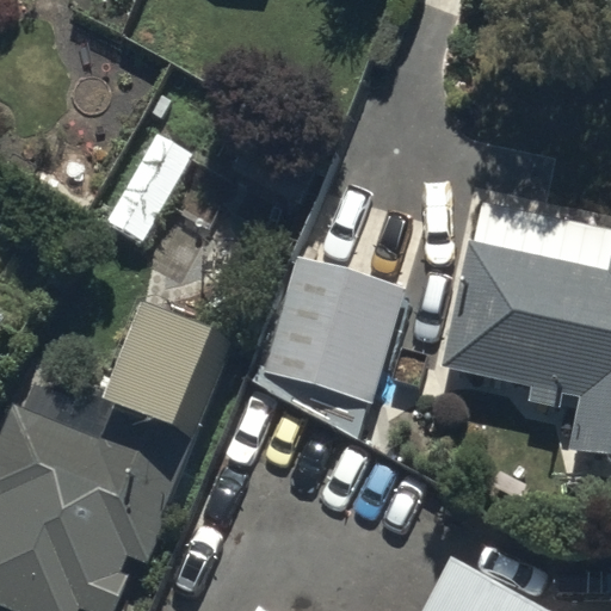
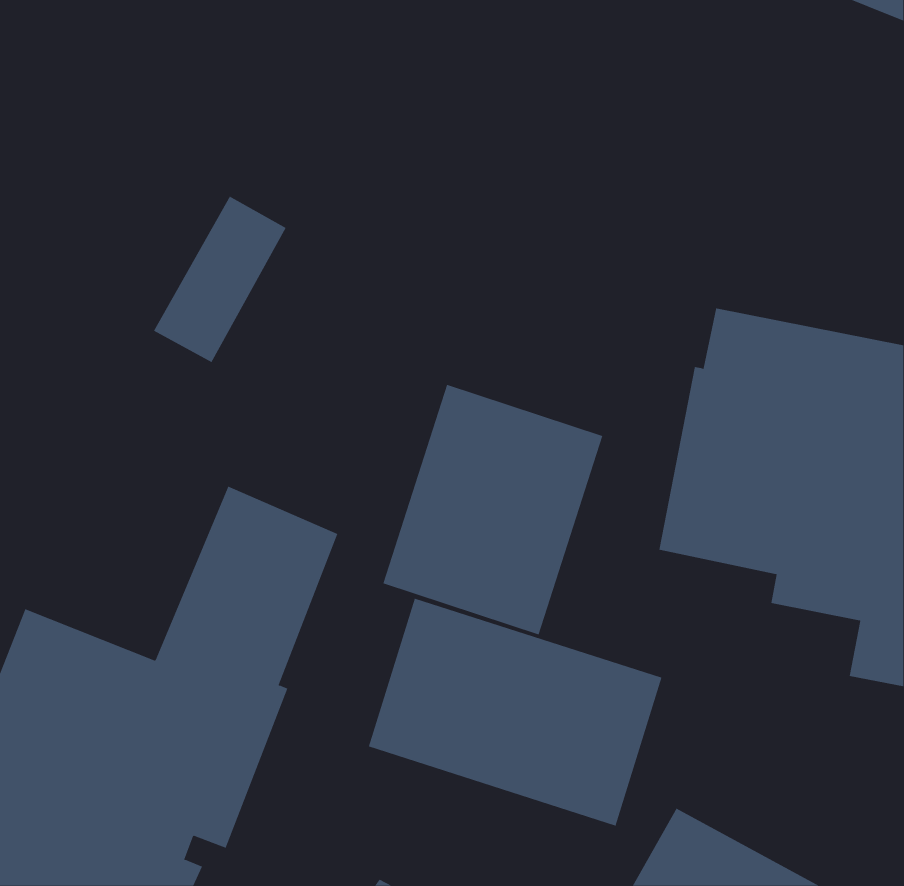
building: none -> [368,598,662,826]

